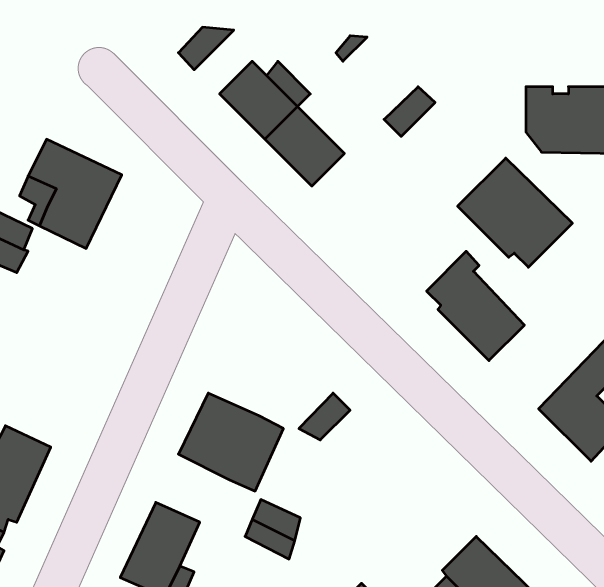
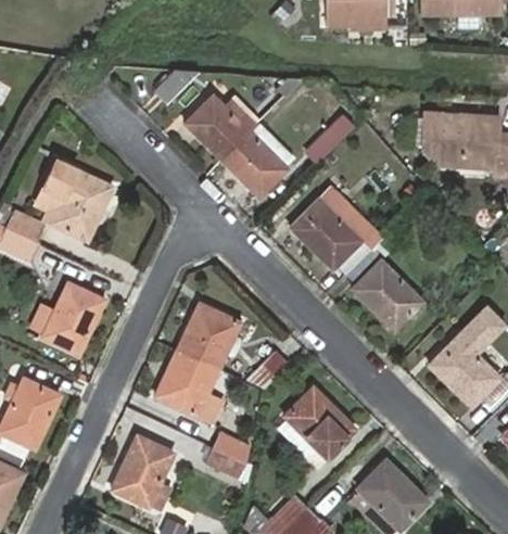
building: [458,158,572,267] -> [292,189,380,272]
building: none -> [41,280,103,353]
building: none -> [179,301,240,368]
building: none -> [283,387,356,458]

